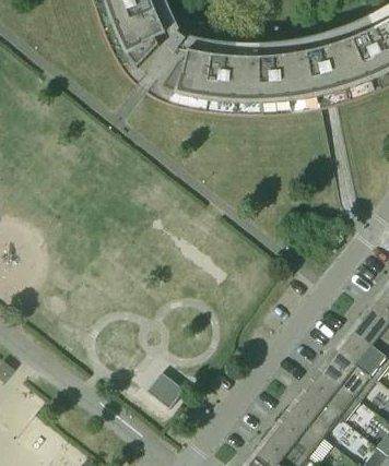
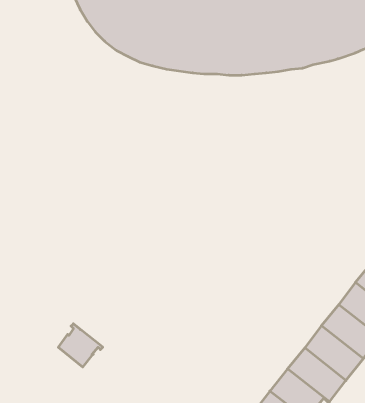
building: [148,368,189,408] -> [58,324,103,367]

